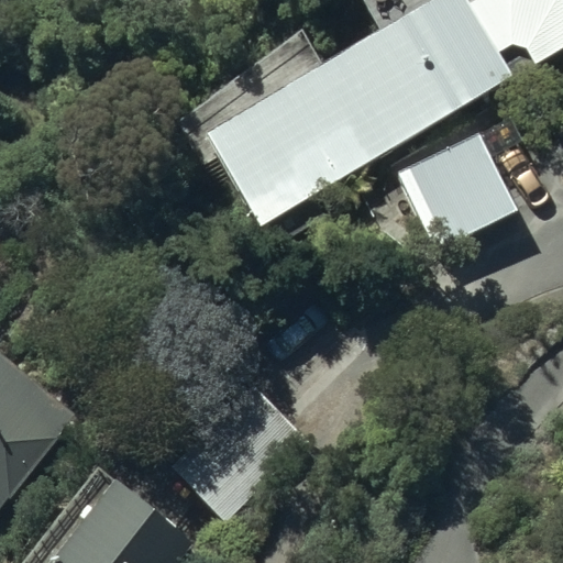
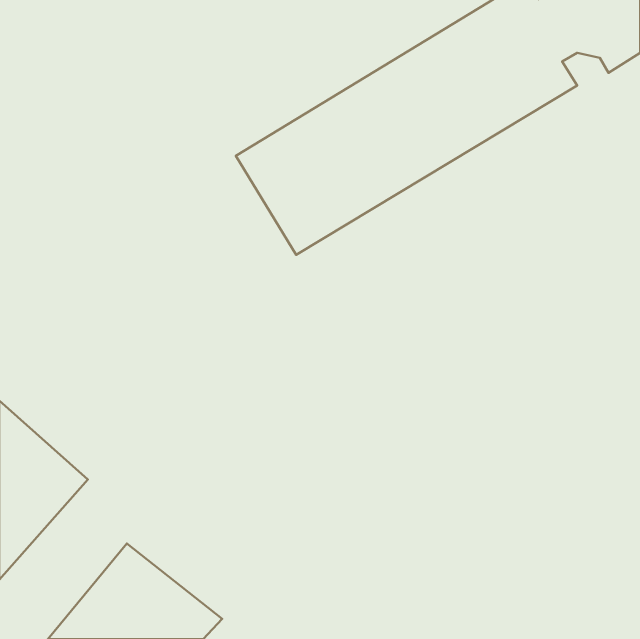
building: [396,126,517,245] -> none
building: [170,388,306,521] -> none

